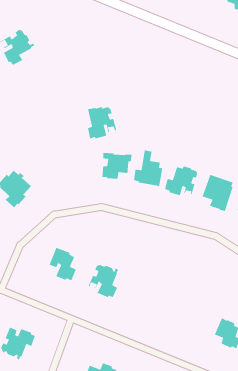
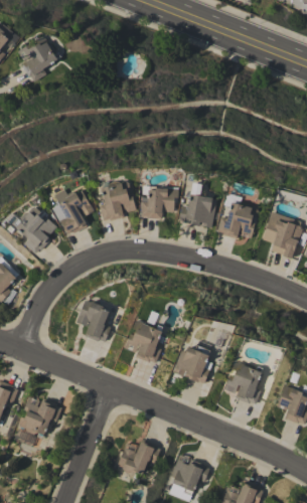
building: [87,106,117,139] -> [100,180,136,220]
building: none -> [53,190,94,233]
building: none -> [173,347,212,382]
building: none -> [224,361,262,403]

